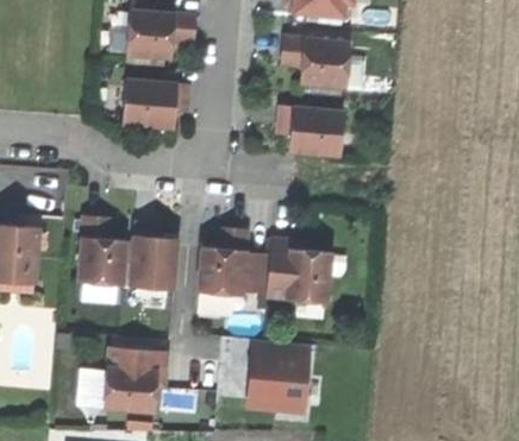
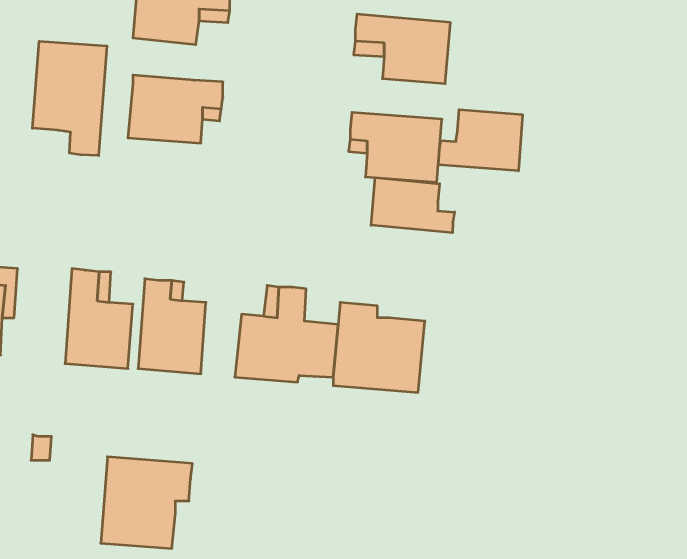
building: none -> [32,41,107,156]
building: none -> [439,110,522,171]
building: none -> [371,178,455,233]
building: [250,340,307,408] -> none

